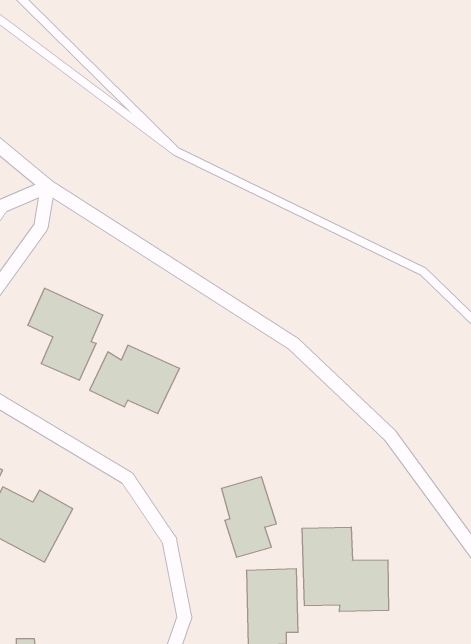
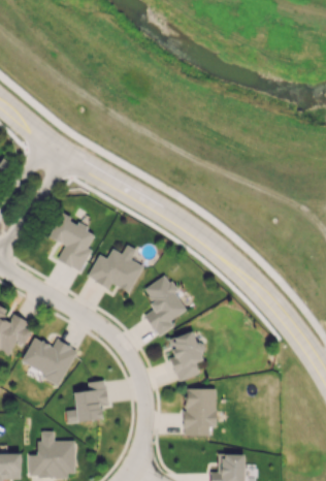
building: none -> [143,275,188,336]
building: [302,527,388,612] -> none
building: none -> [66,380,108,423]

